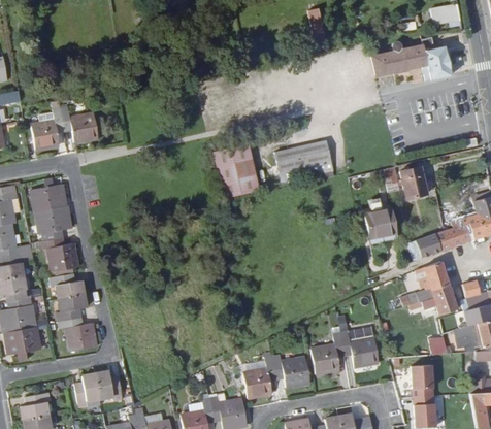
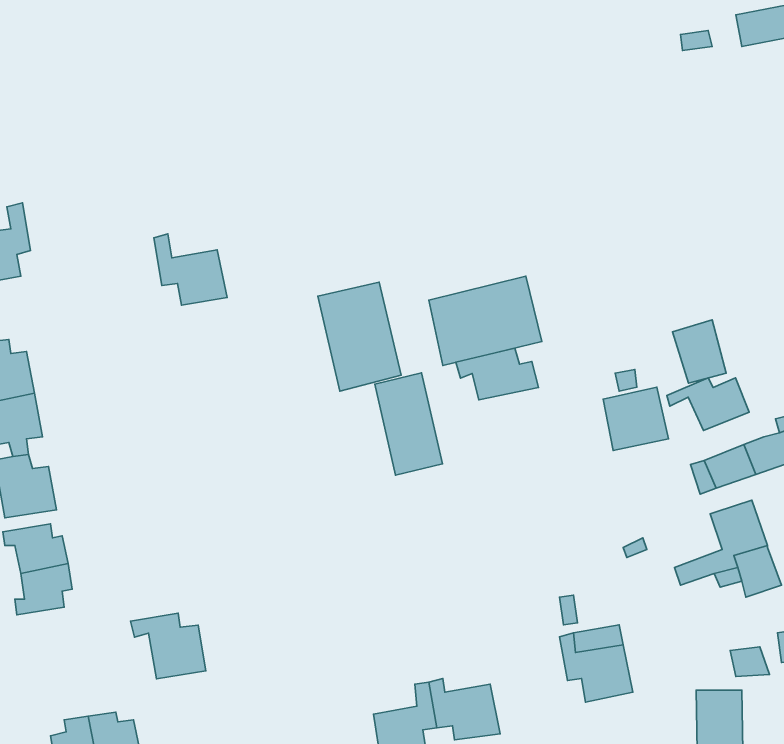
building: [372,40,451,84] -> none
building: [61,105,99,142] -> [154,234,227,305]
building: none -> [456,348,539,400]
building: none -> [375,373,442,475]
building: none -> [667,378,749,431]
building: [58,318,97,352] -> [131,613,206,679]
building: [312,333,345,373] -> none

